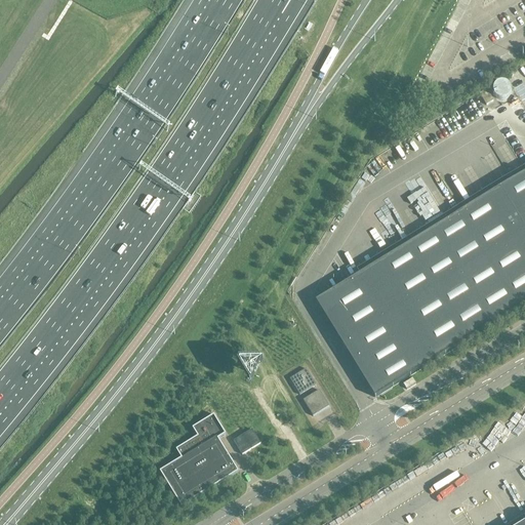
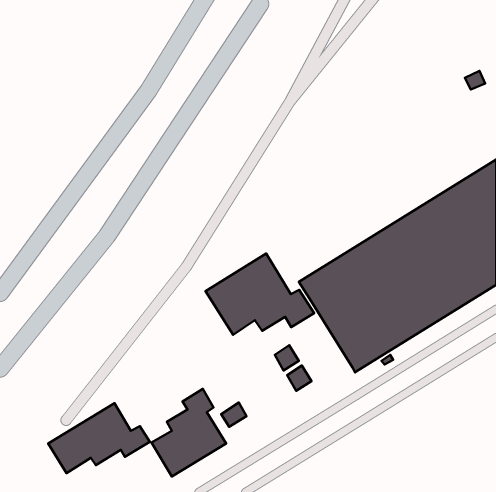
building: none -> [206,253,314,335]
building: none -> [48,403,150,473]

